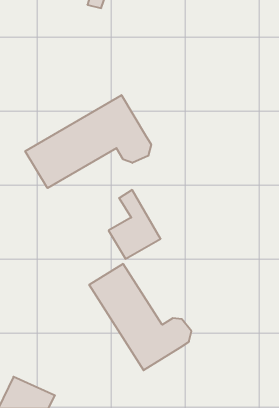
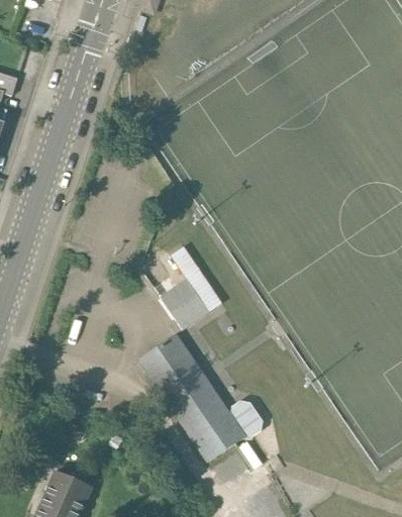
building: [25,95,151,188] -> none

